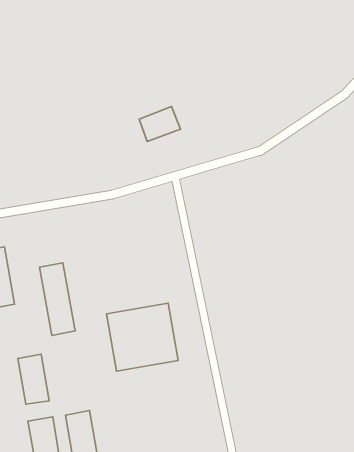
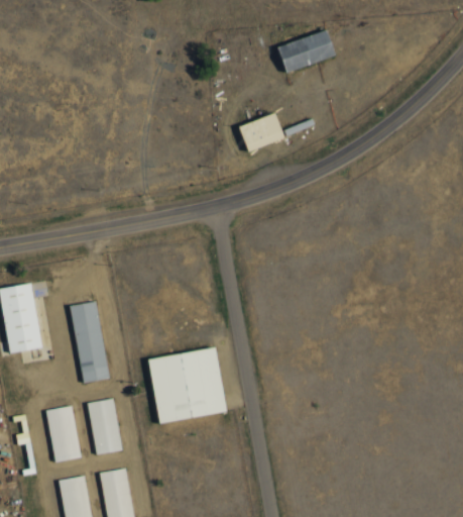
building: none -> [274,29,336,74]
building: [139,107,180,142] -> [236,112,282,151]
building: none -> [87,398,123,454]

